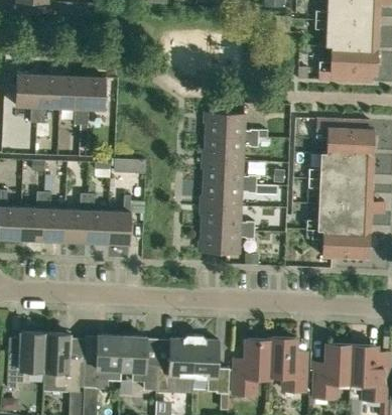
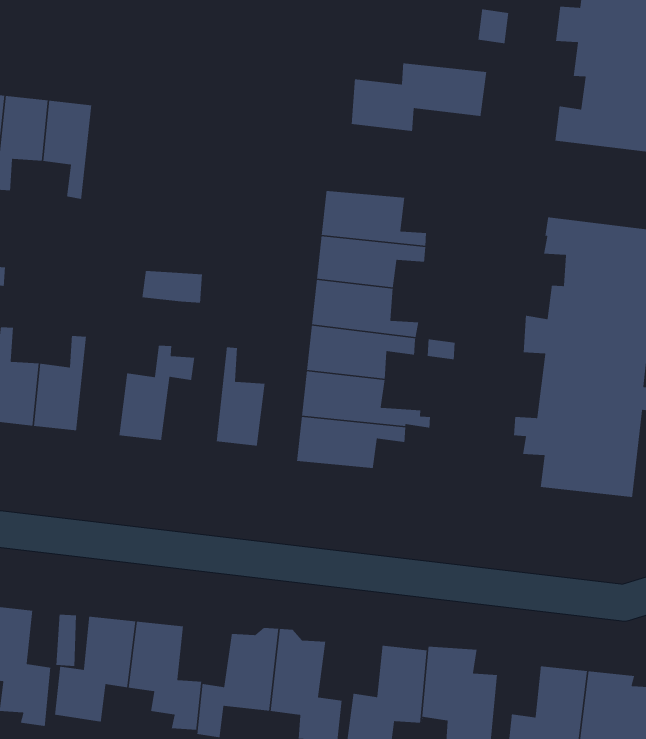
building: none -> [351,63,487,132]
building: [82,77,106,125] -> none
building: [87,193,110,243] -> [216,347,266,447]

